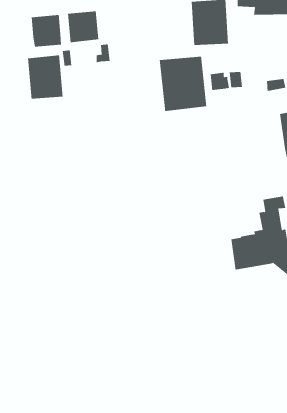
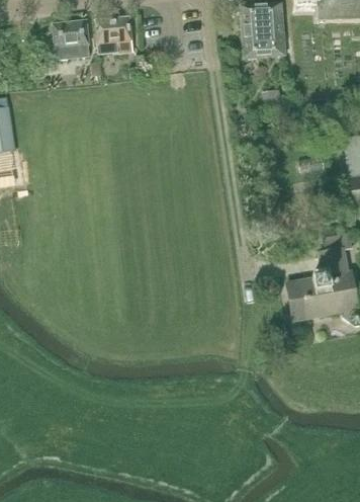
building: [28,55,63,100] -> none
building: [159,56,207,112] -> none

